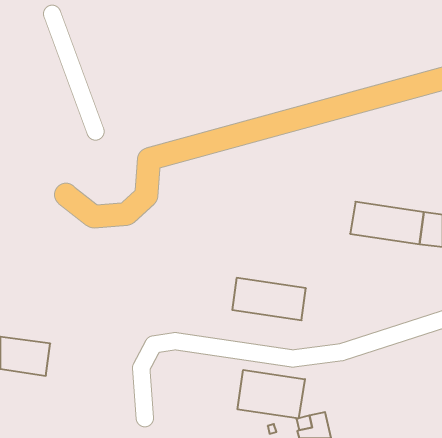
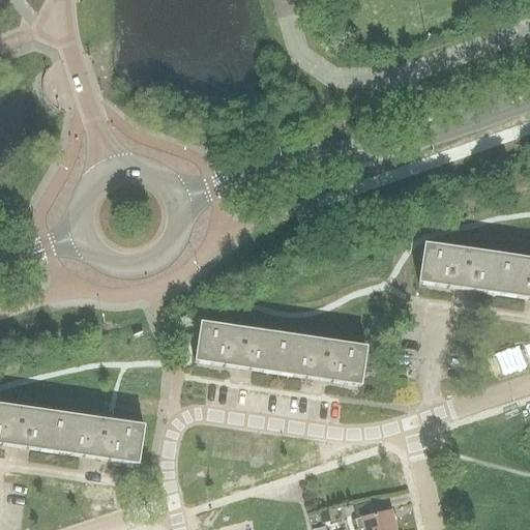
building: none -> [196,320,284,371]
building: none -> [56,411,144,461]
building: [238,370,305,418] -> none

